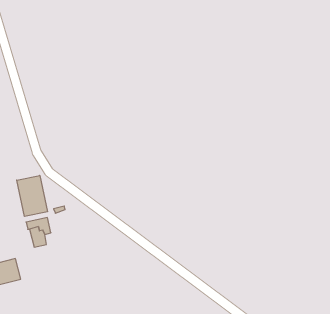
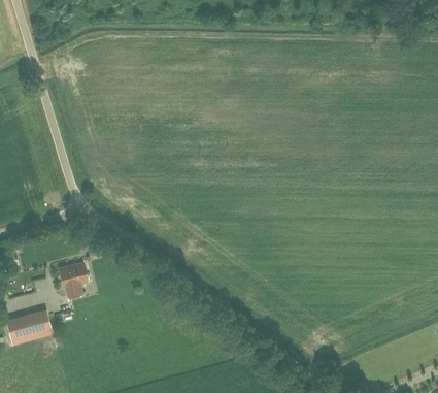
building: [17,175,47,216] -> none

